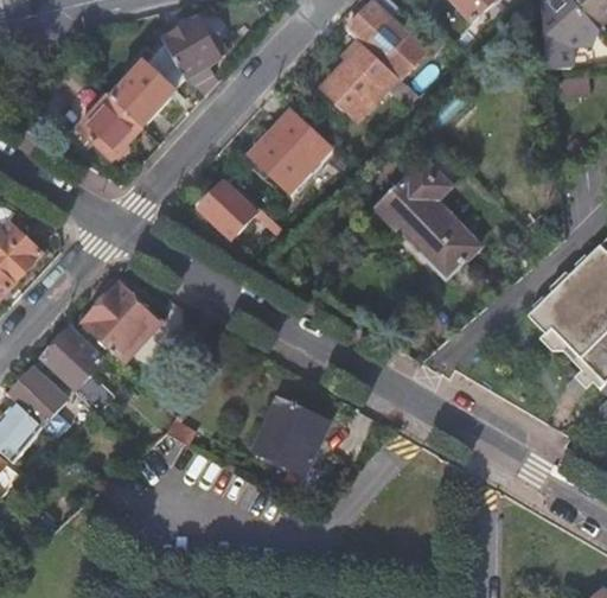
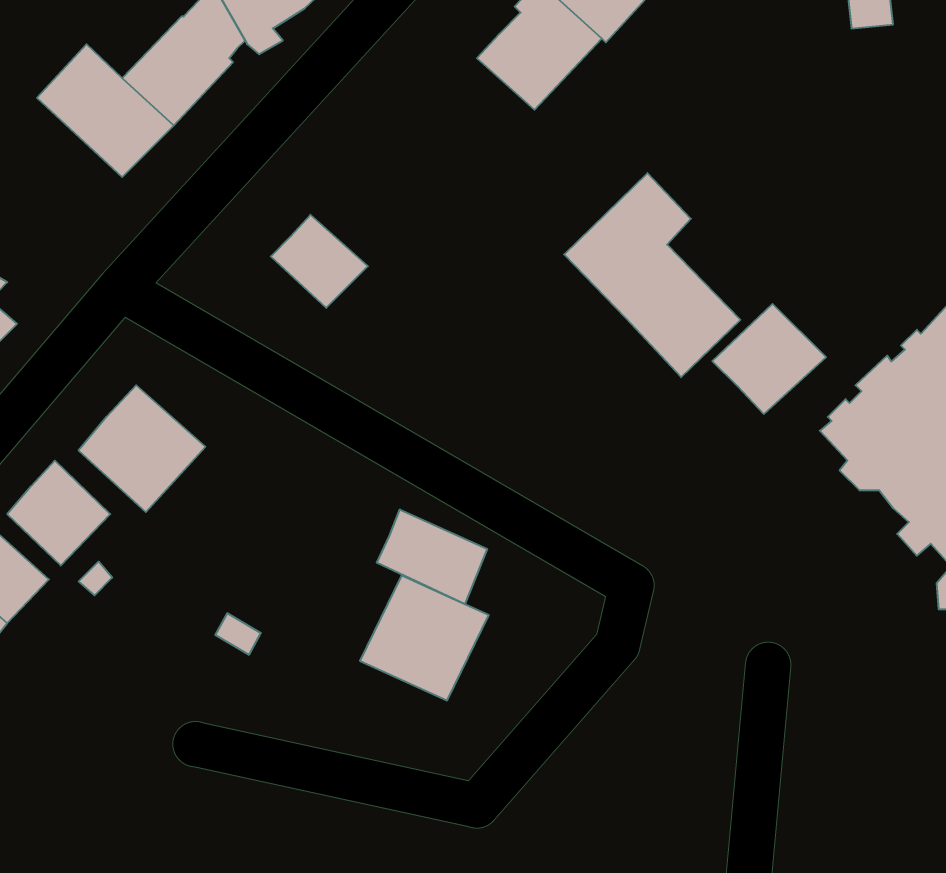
building: [250,109,332,191] -> none
building: none -> [712,304,826,414]
building: none -> [377,509,487,604]

